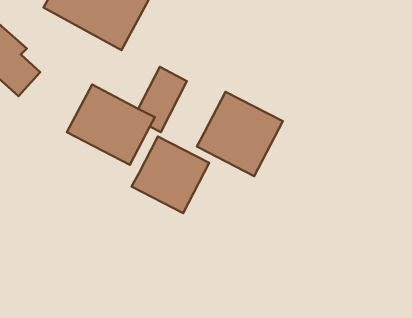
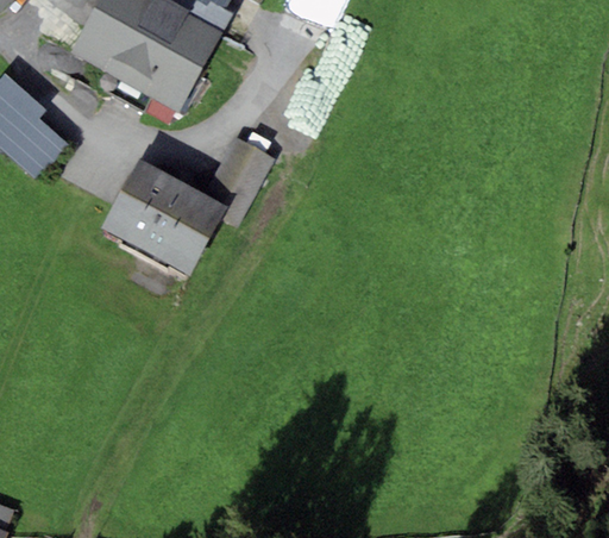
building: [197,92,283,176] -> none
building: [132,136,209,213] -> none

